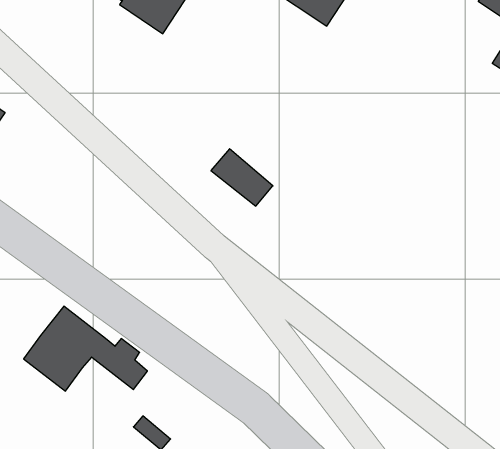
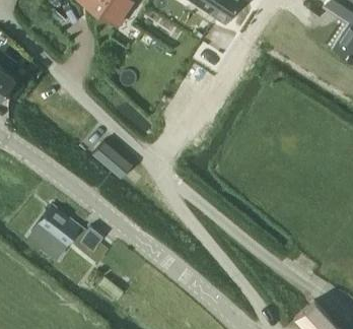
building: [211,149,273,206] -> [92,141,133,179]

